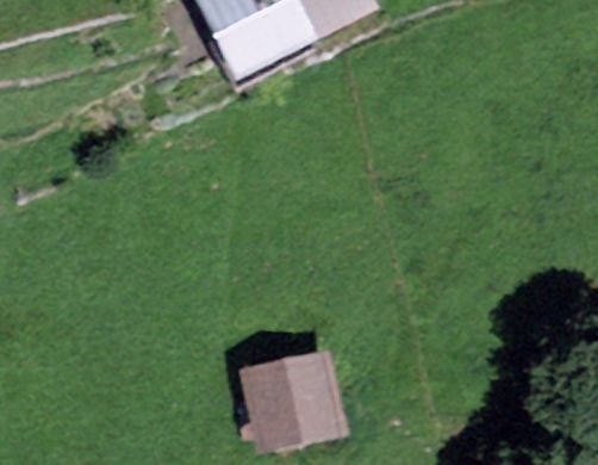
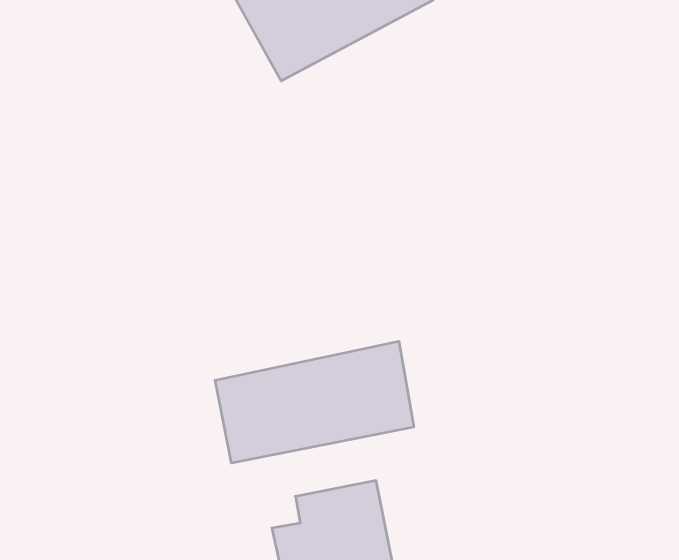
building: none -> [215,341,414,463]

